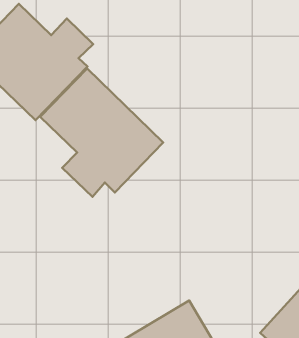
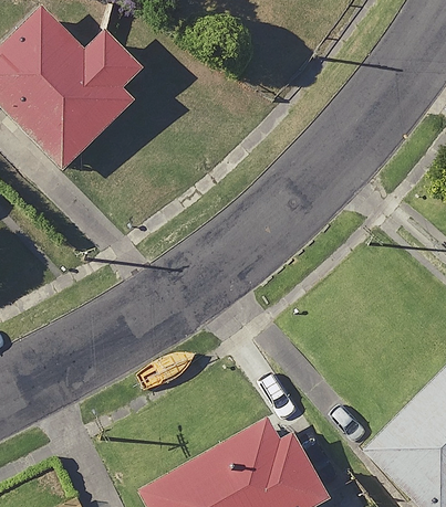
building: [40,68,163,197] -> none

